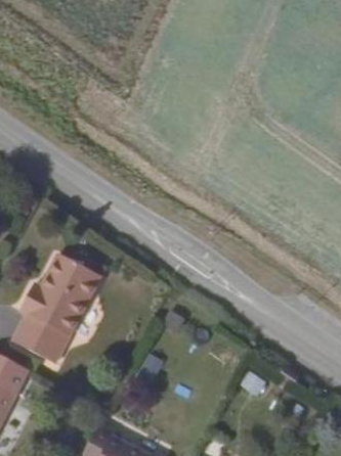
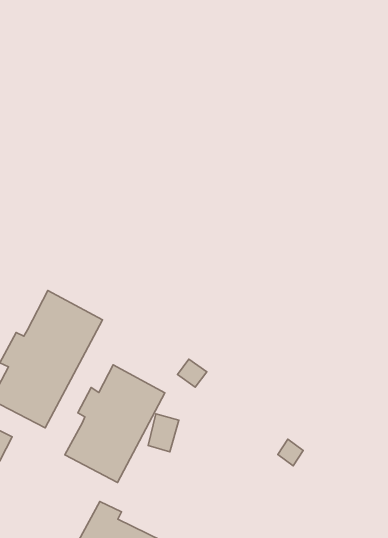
building: none -> [65,365,165,482]

